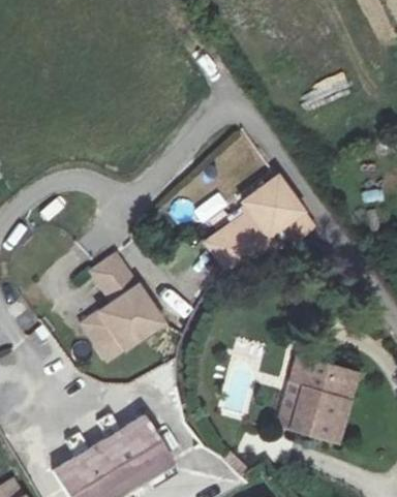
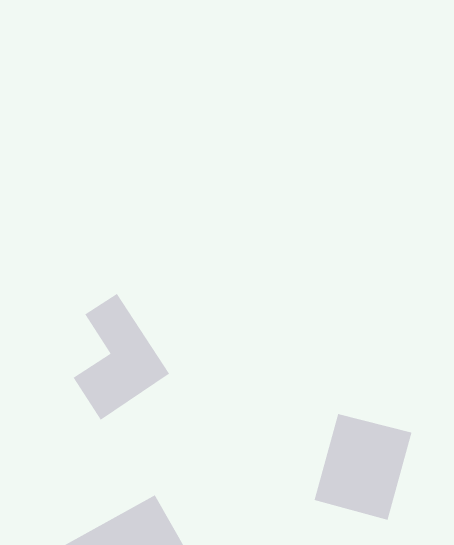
building: [208,174,313,263] -> none

